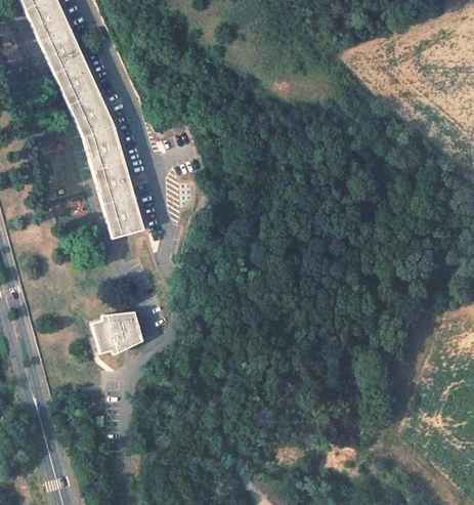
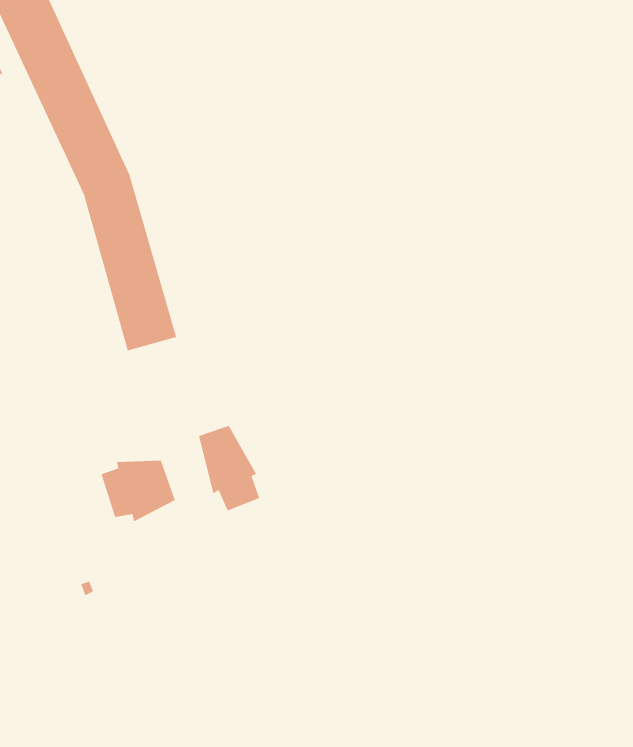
building: none -> [198,425,260,511]

